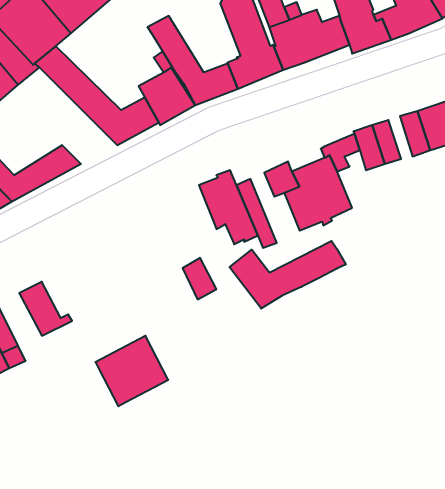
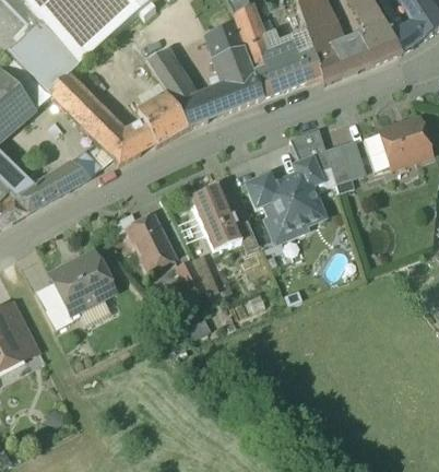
building: none -> [288,128,324,162]
building: none -> [124,215,174,271]
building: [230,241,346,309] -> none
building: [95,336,168,406] -> [49,250,112,311]

